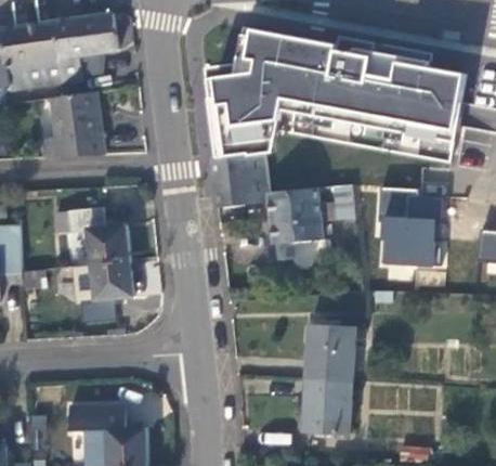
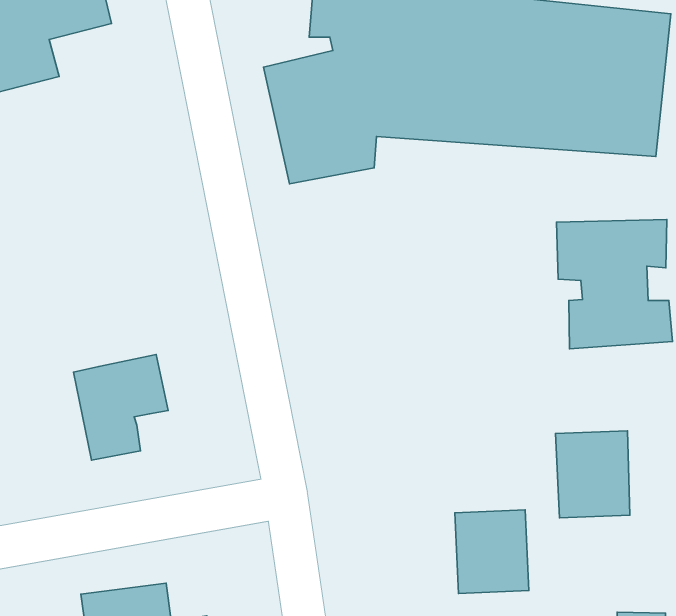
building: [54,89,105,154] -> none
building: [214,157,350,248] -> none
building: [49,206,126,261] -> none
building: [304,320,352,375] -> [555,431,630,518]

